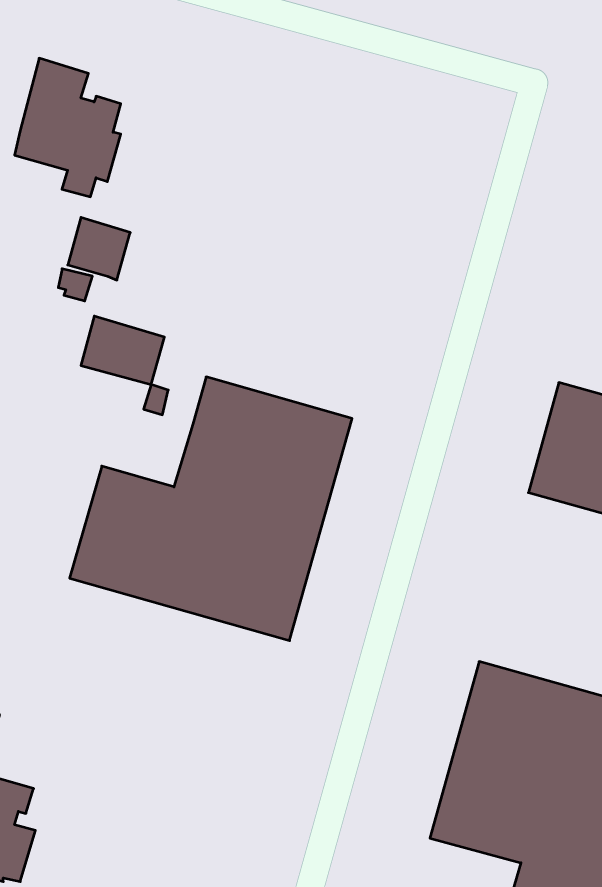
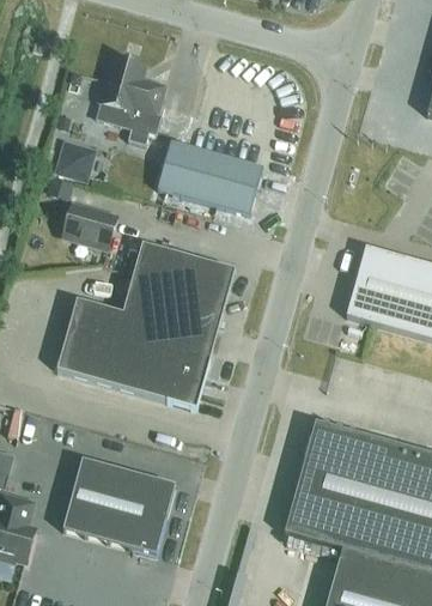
building: [15,58,121,197] -> [97,56,164,144]
building: none -> [157,141,263,213]
building: none -> [62,459,175,555]

